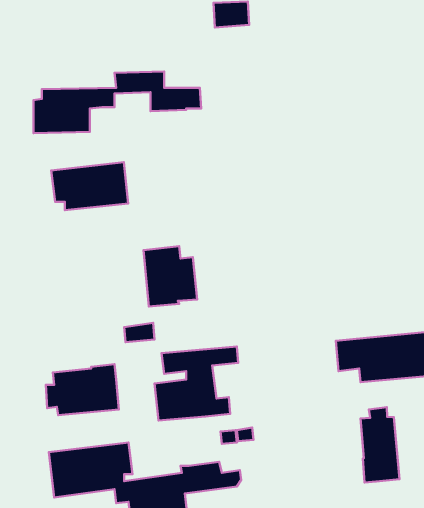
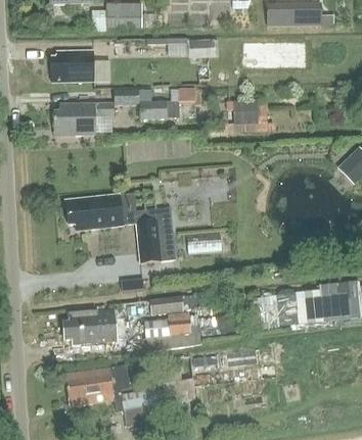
building: none -> [50,51,92,81]
building: none -> [232,98,258,123]
building: [51,162,128,210] -> [64,194,122,230]
building: [361,407,400,482] -> none

